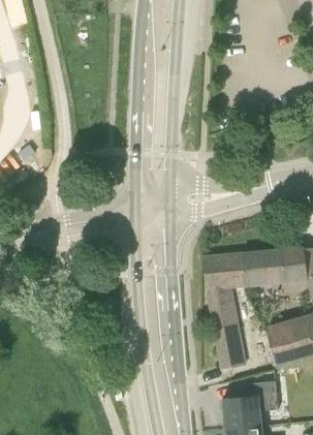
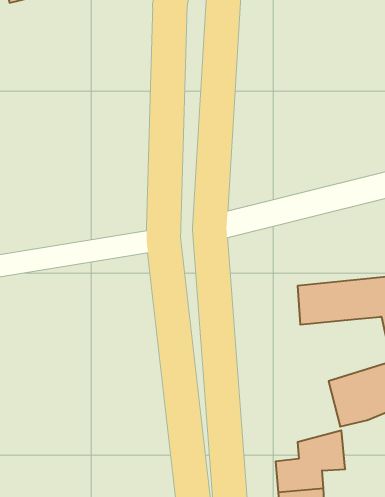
building: [202,254,246,371] -> none

